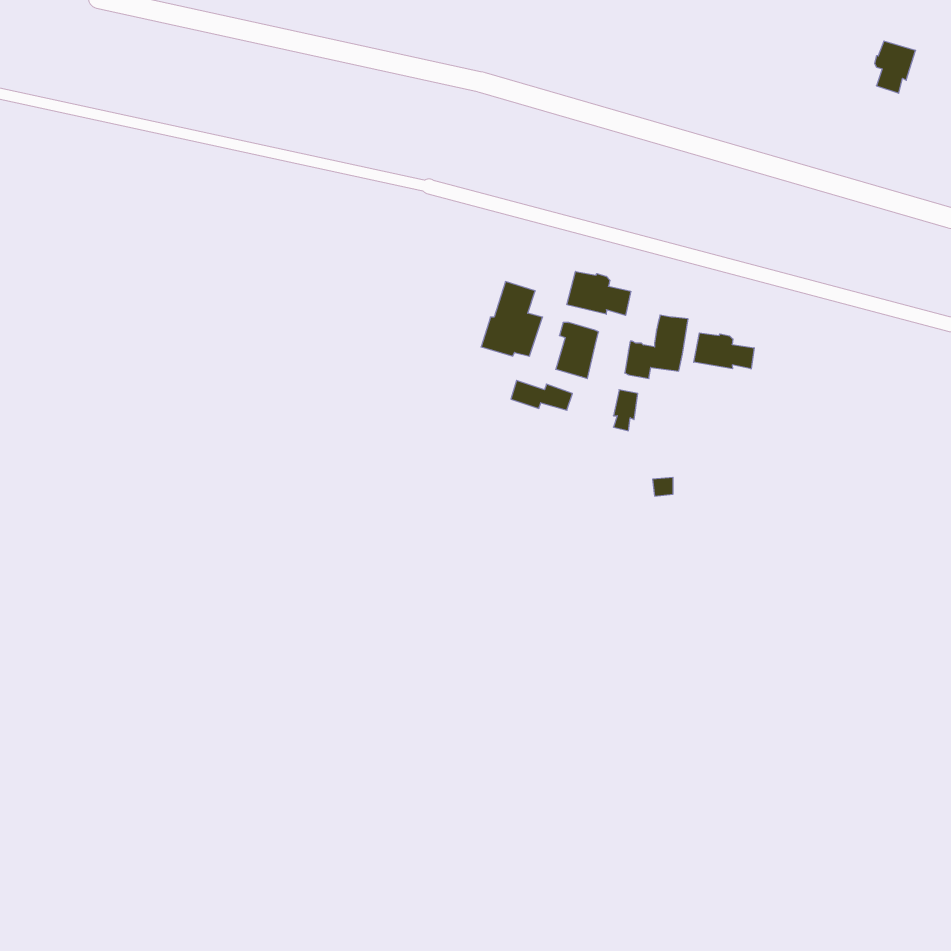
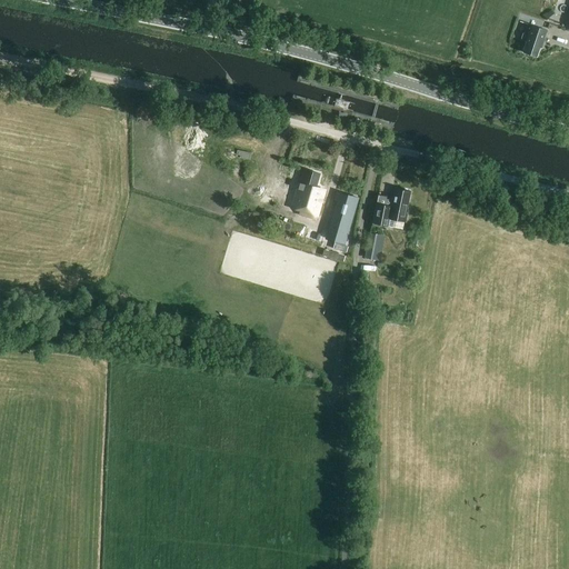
building: [567,271,631,315] -> none
building: [694,333,754,369] -> none

